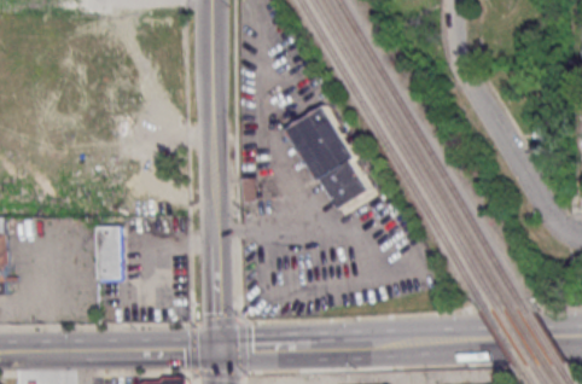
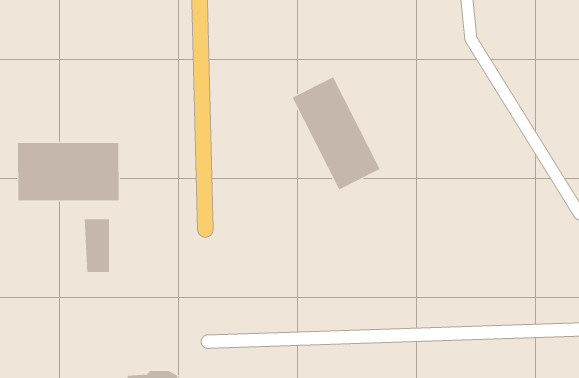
building: none -> [17,142,119,201]

